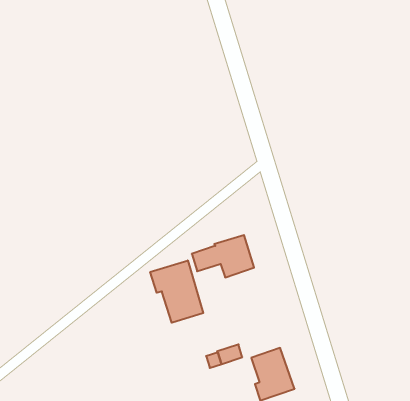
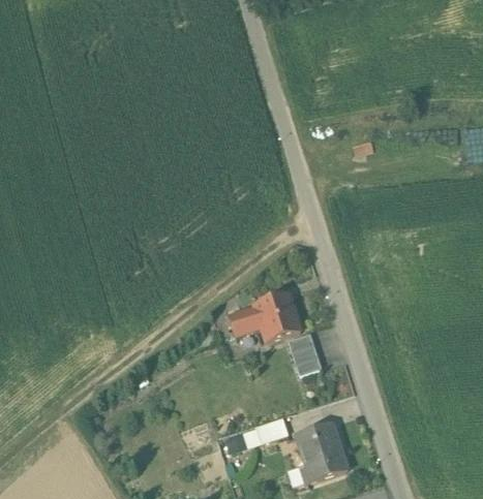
building: [150,260,203,323] -> none
building: none -> [291,331,324,373]

